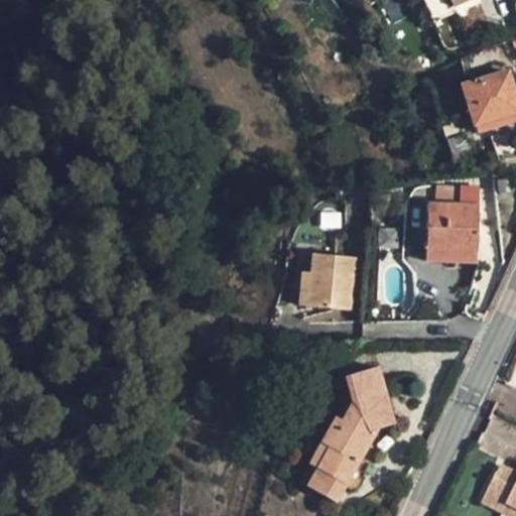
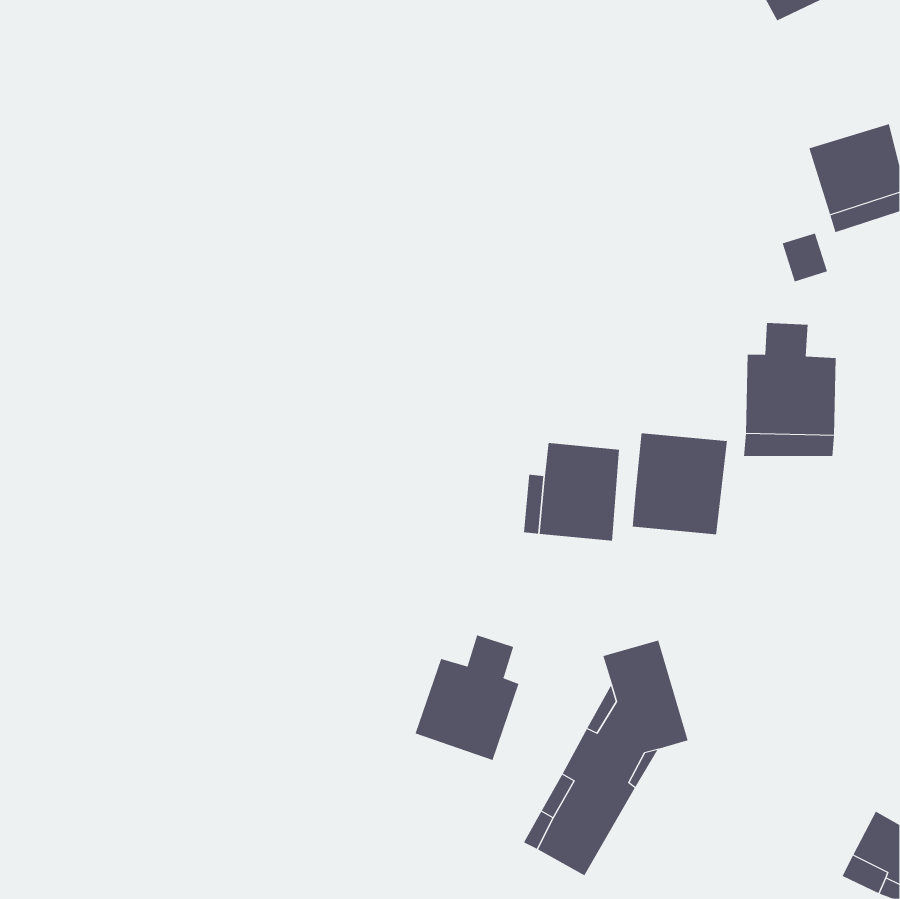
building: none -> [632,432,728,535]
building: none -> [415,635,519,761]

